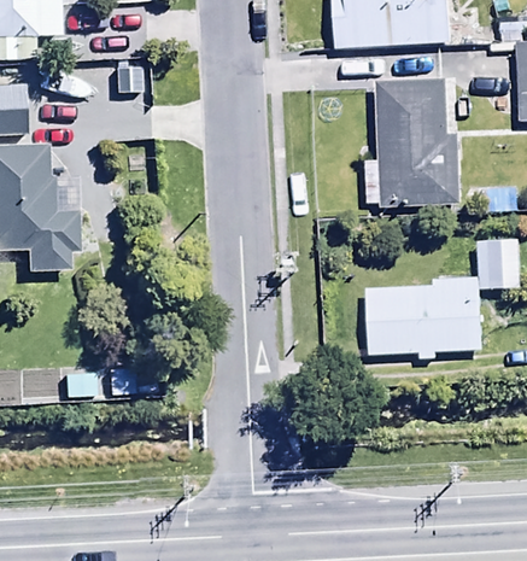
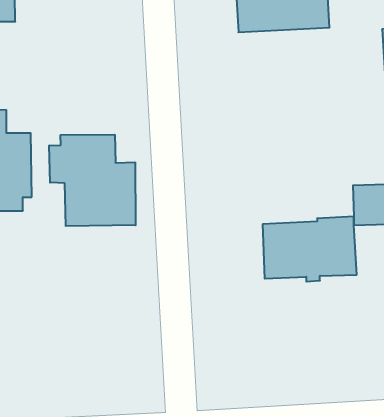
building: [367,82,459,206] -> none
building: none -> [49,135,136,226]

